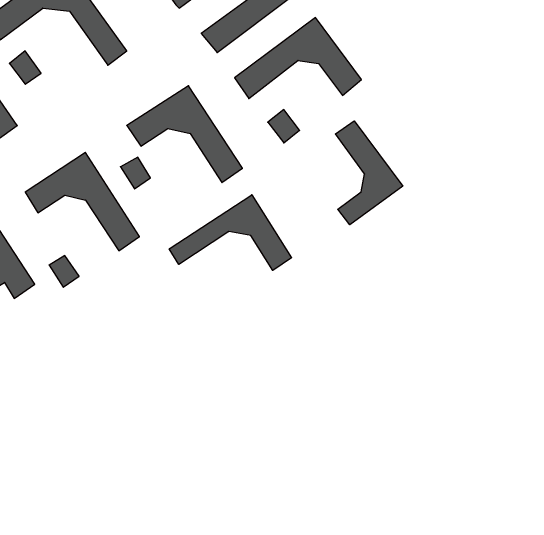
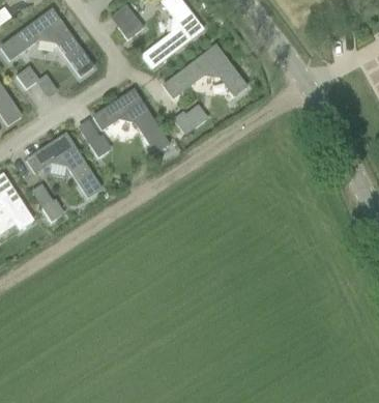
building: [335,121,403,225] -> none
building: [169,195,292,270] -> none

